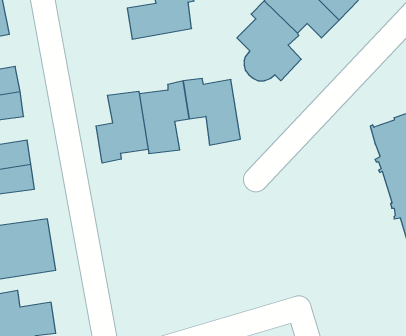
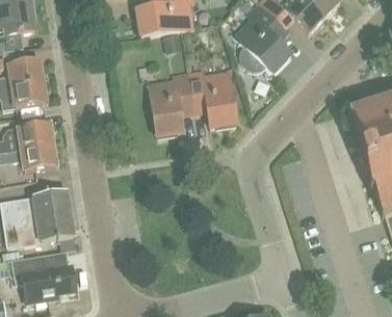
building: [96,91,148,163] -> none

